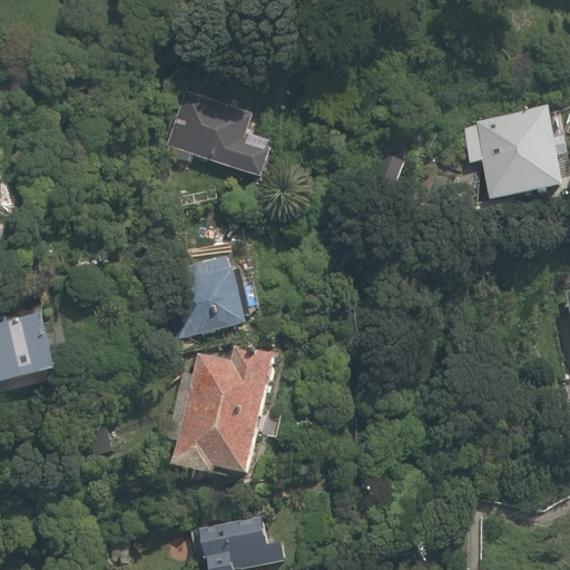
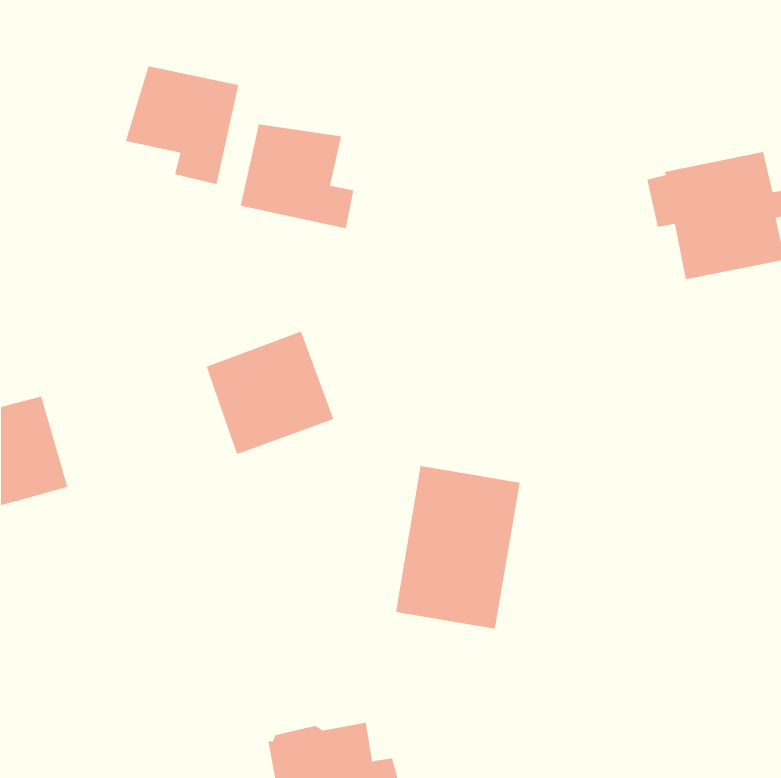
building: none -> [125,65,239,185]
building: [173,350,263,468] -> [395,465,520,629]

